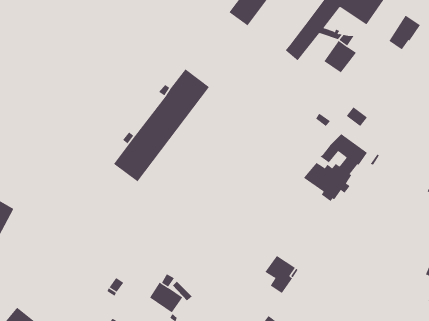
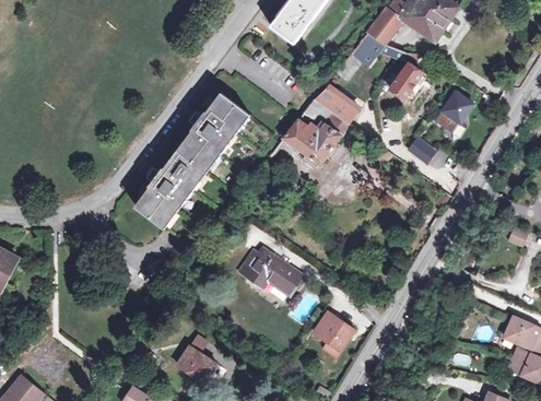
building: [388,15,421,50] -> [436,91,474,132]
building: [303,133,368,202] -> [283,85,360,166]
building: none -> [238,246,304,296]

